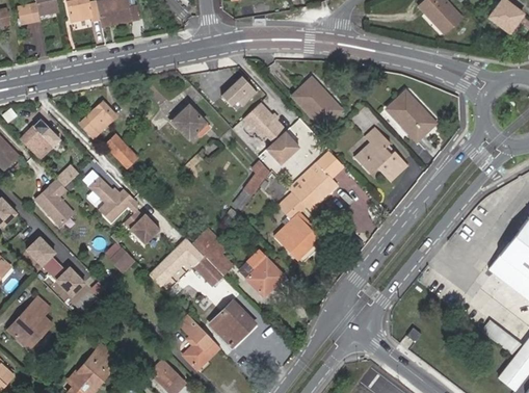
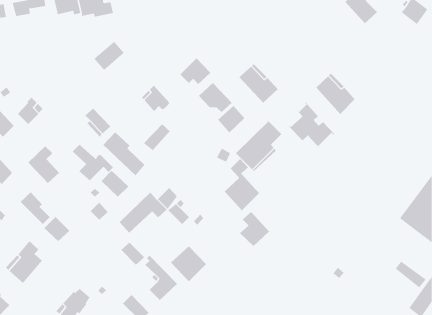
building: [80,102,117,138] -> [94,41,124,71]
building: [237,162,270,195] -> [143,124,171,151]
building: none -> [102,131,145,176]
building: [246,253,284,296] -> [239,211,270,247]
building: [194,258,223,287] -> [120,241,144,265]

